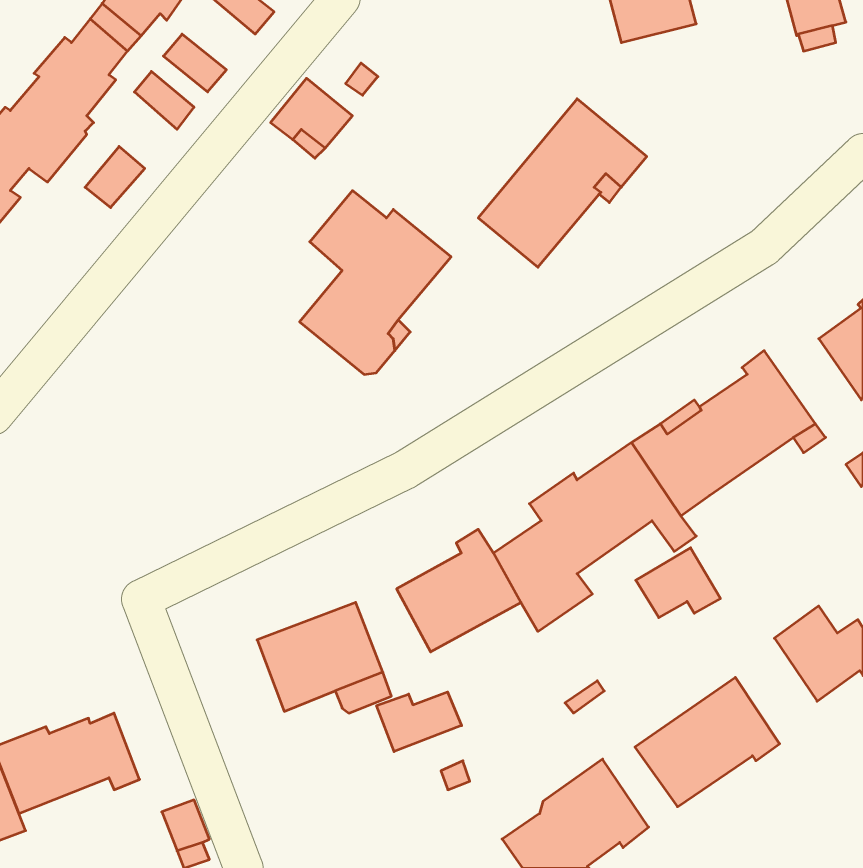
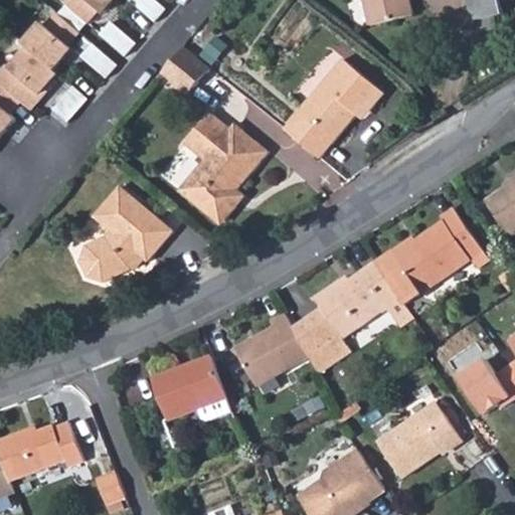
building: none -> [78,186,172,282]
building: [636,548,720,618] -> none
building: [377,692,462,752] -> none

